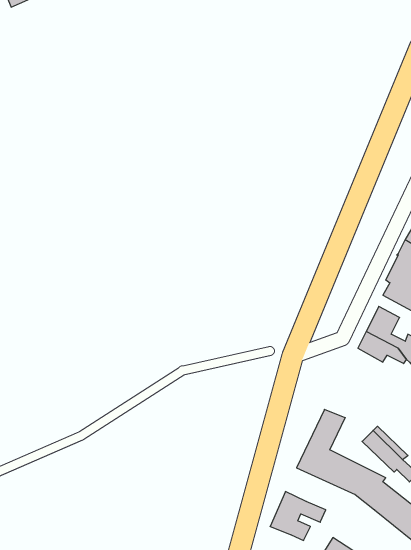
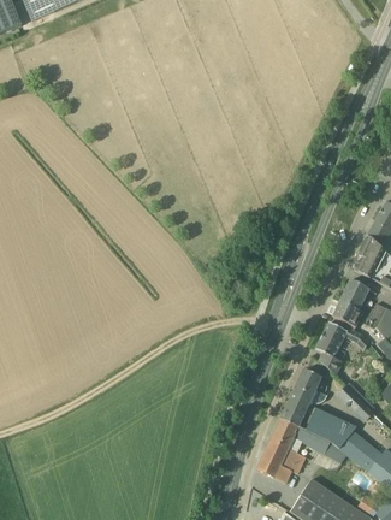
building: none -> [315,320,368,376]
building: none -> [269,419,346,463]

